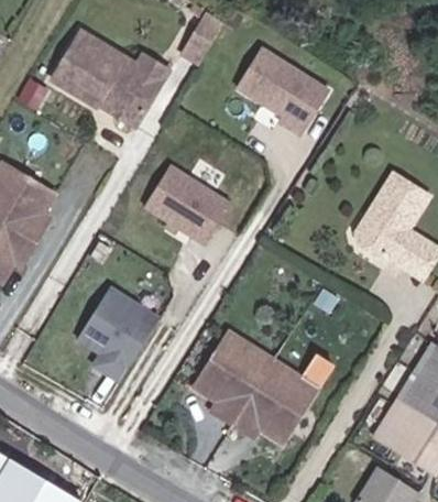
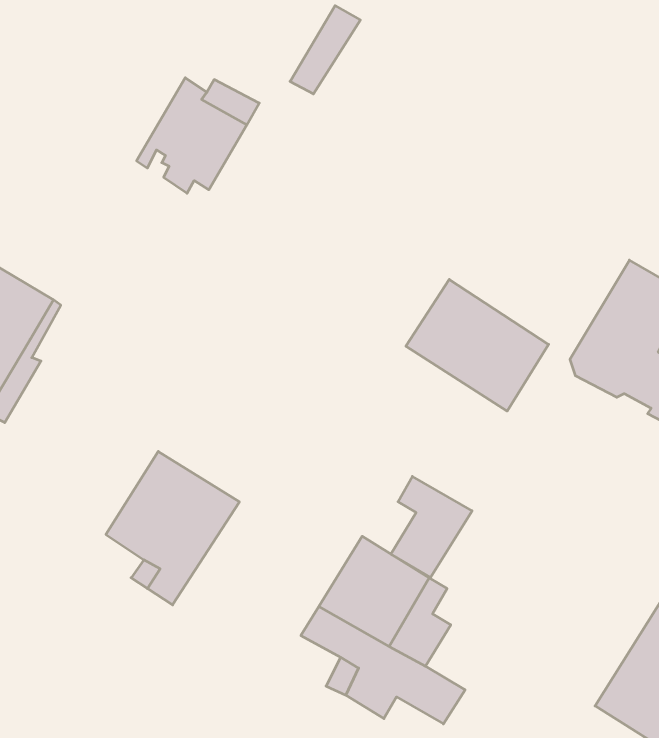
building: [57,33,124,106] -> none
building: [234,45,326,131] -> none
building: [143,161,230,241] -> [406,279,549,411]
building: [271,367,320,428] -> [391,476,472,577]

